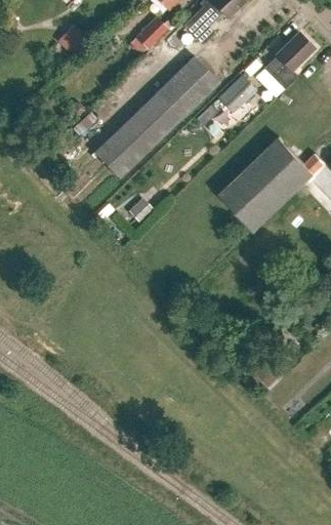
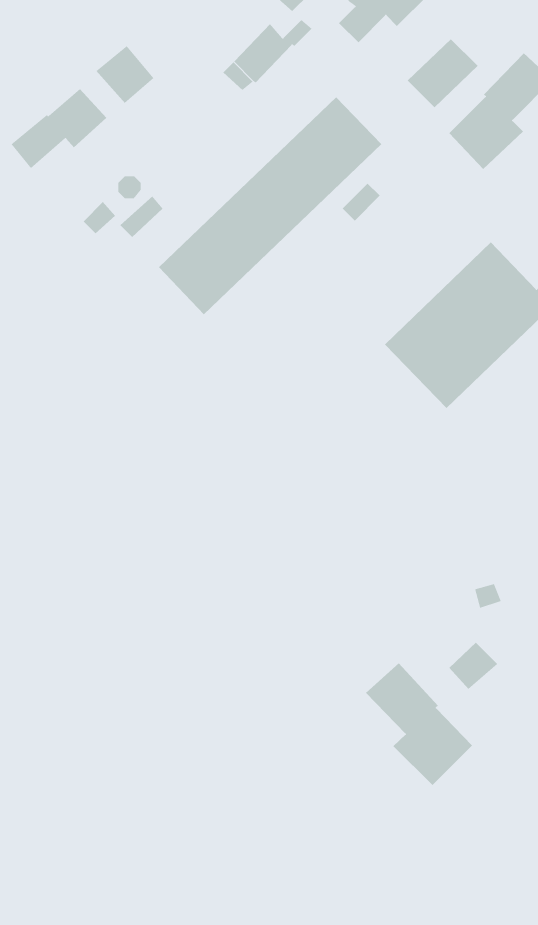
building: none -> [10,88,107,169]
building: [218,74,258,113] -> [407,38,478,108]
building: none -> [365,662,473,786]

